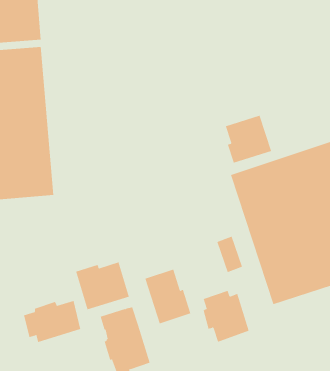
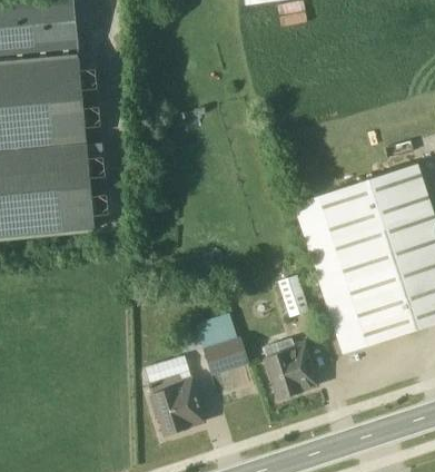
building: [225,115,272,164] -> none
building: [75,262,130,310] -> none
building: [23,300,81,343] -> none

